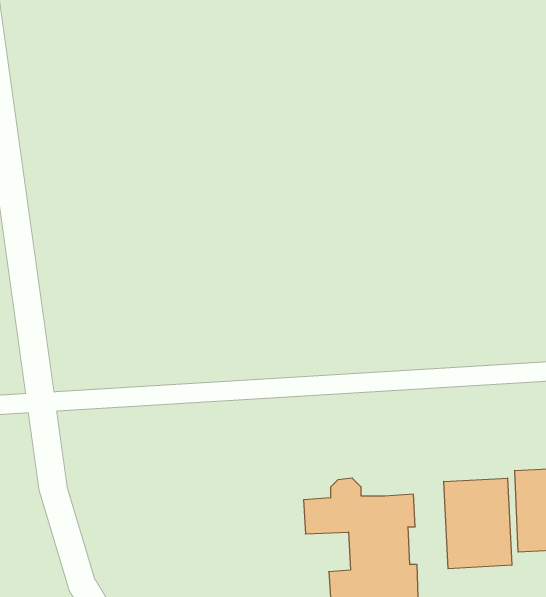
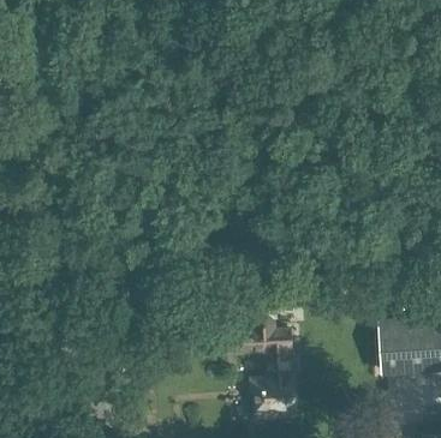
building: [444,478,512,569] -> none

